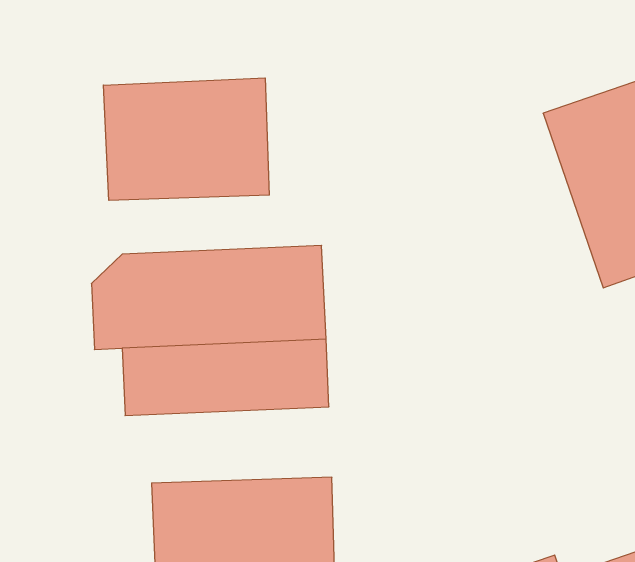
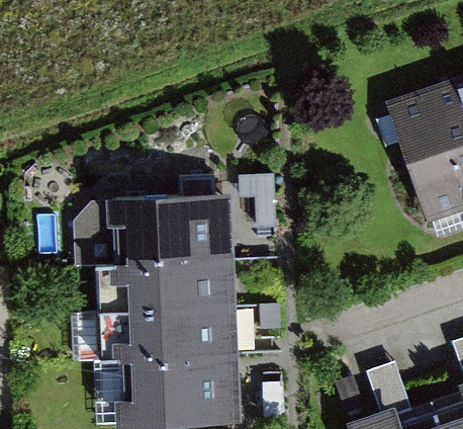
building: [103,78,269,200] -> none
building: none -> [79,306,242,360]

